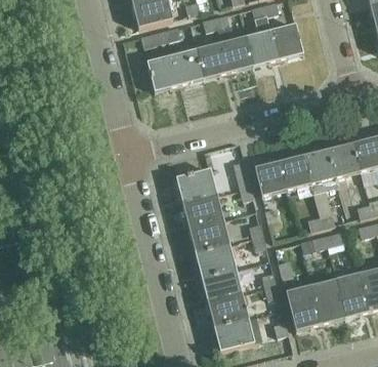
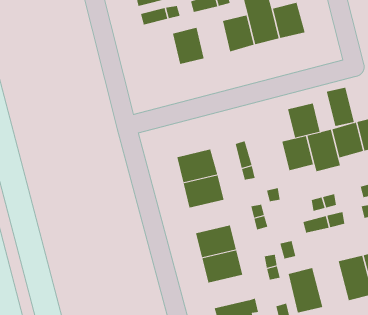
building: [197,41,228,78] -> none
building: [146,53,179,90] -> none
building: none -> [326,87,354,127]
building: [254,160,287,195] -> [287,103,321,138]
building: [188,217,229,250] -> none
building: [310,278,345,323] -> none
building: [207,291,248,324] -> none

